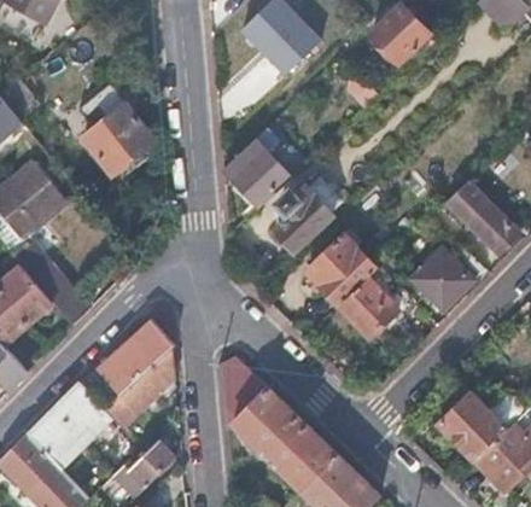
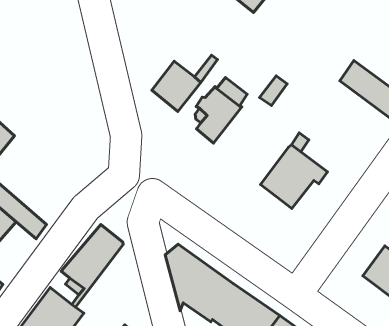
building: [77,84,153,174] -> none
building: [305,233,377,304] -> none
building: [412,244,483,309] -> none
building: [106,348,175,429] -> none

